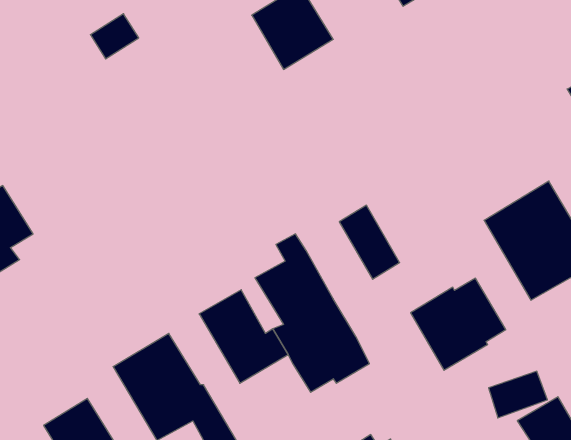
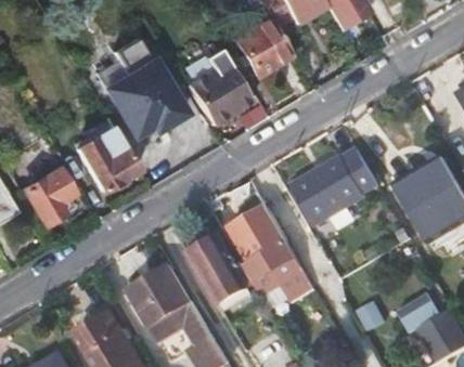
building: none -> [100,61,175,135]
building: none -> [185,66,247,127]
building: none -> [69,128,132,193]
building: [411,278,506,370] -> [310,149,378,215]

